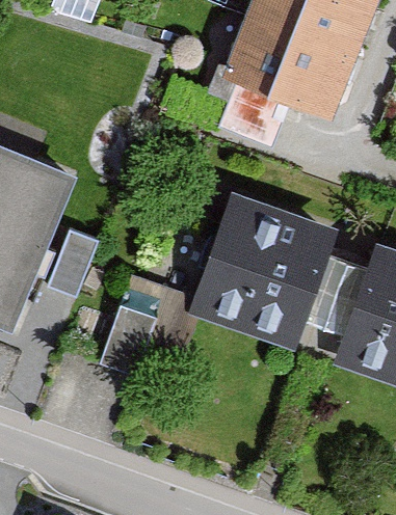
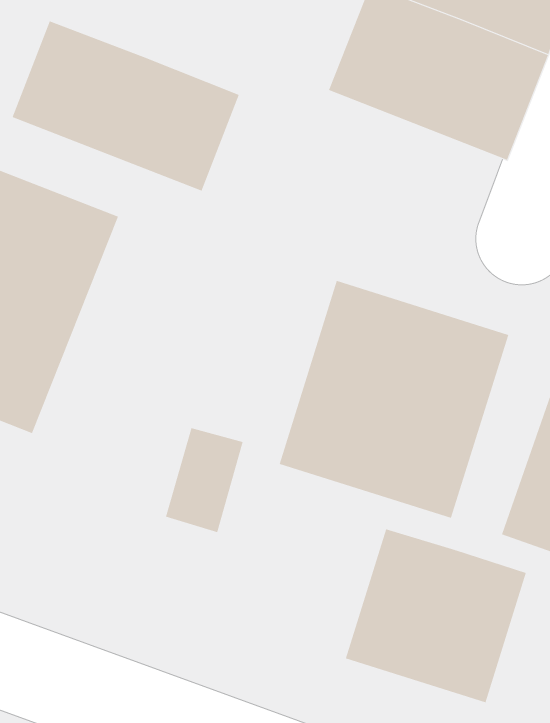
building: none -> [12,20,240,191]
building: none -> [345,529,527,703]

